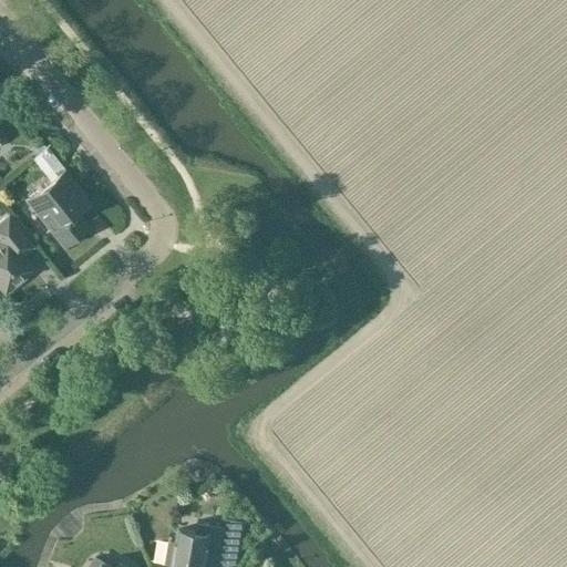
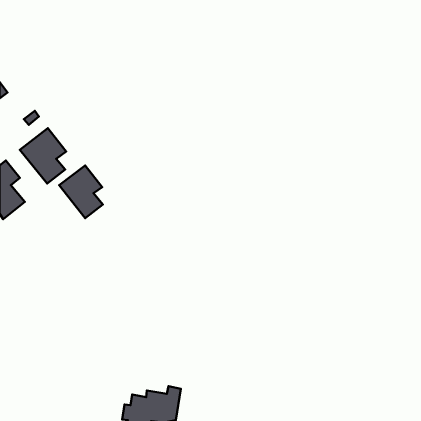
building: none -> [59,166,103,218]

